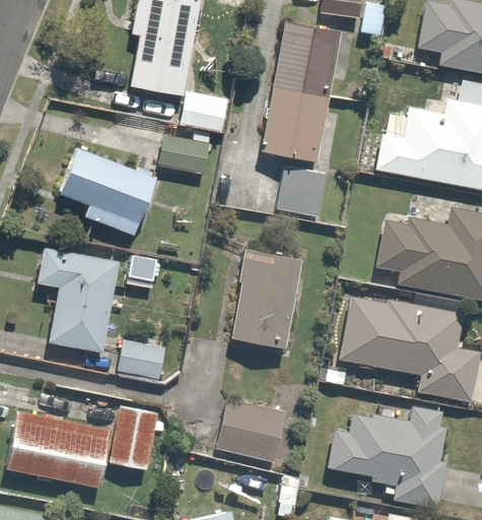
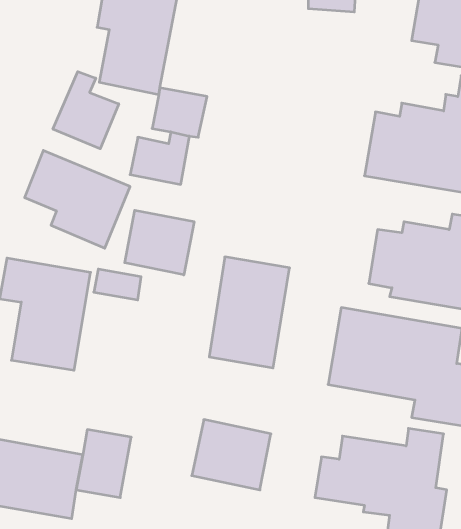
building: [259,18,344,165] -> none
building: none -> [53,72,119,149]
building: [274,166,327,226] -> none
building: none -> [125,210,194,275]
building: [116,337,182,384] -> none

